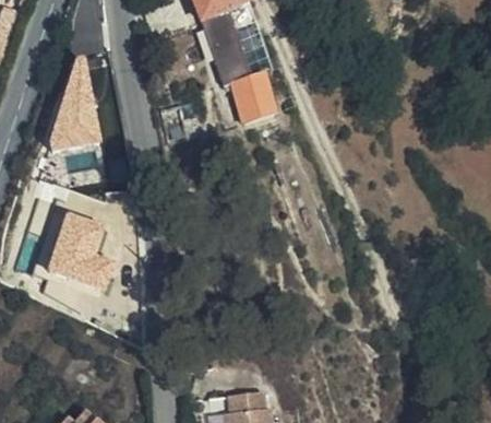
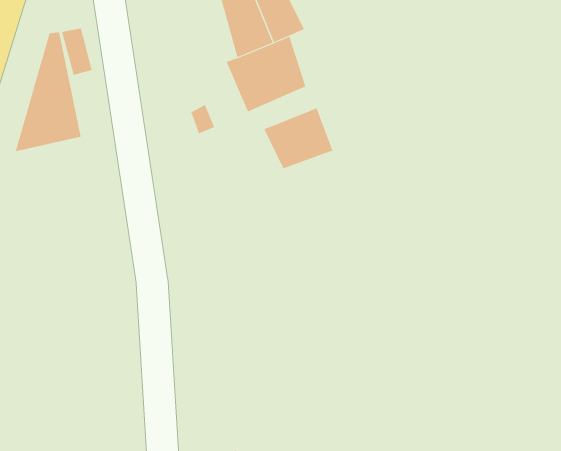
building: none -> [264,107,333,169]
building: [44,219,112,294] -> none

